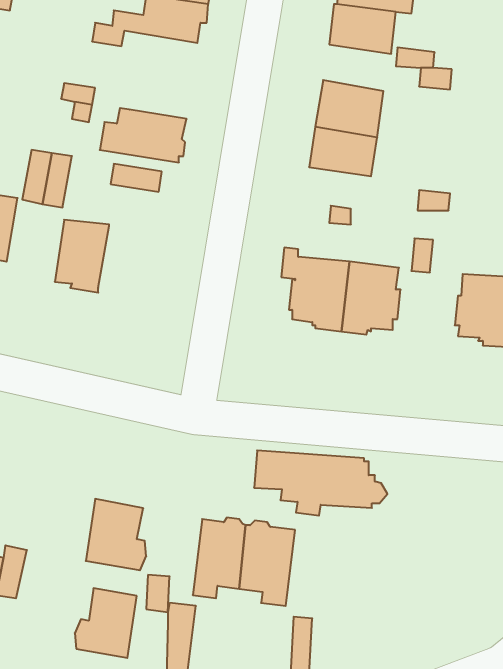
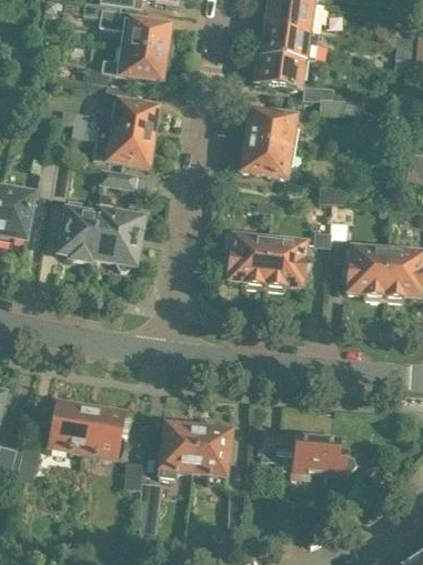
building: none -> [112,98,160,135]
building: none -> [90,192,142,269]
building: [254,450,387,516] -> [261,432,356,478]
building: [75,588,137,658] -> [43,402,88,452]

